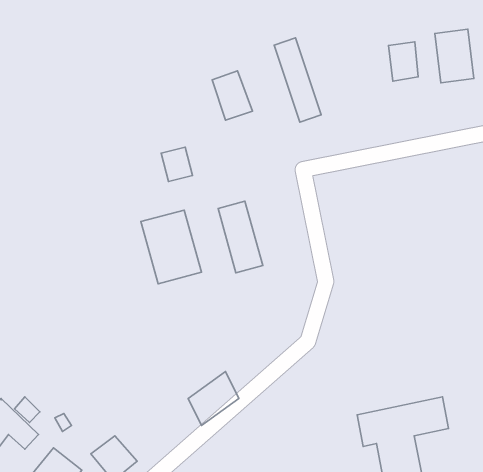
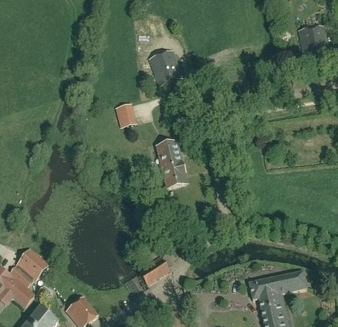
building: [274,38,321,122] -> none
building: [389,42,418,81] -> none
building: [141,210,202,284] -> none
building: none -> [16,250,47,280]

